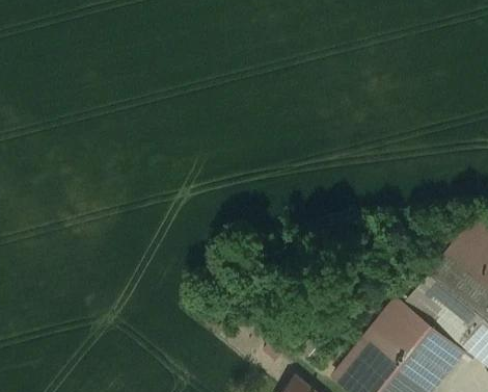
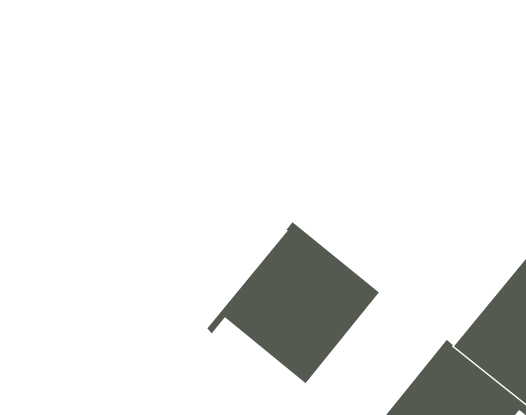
building: none -> [207,221,380,384]

